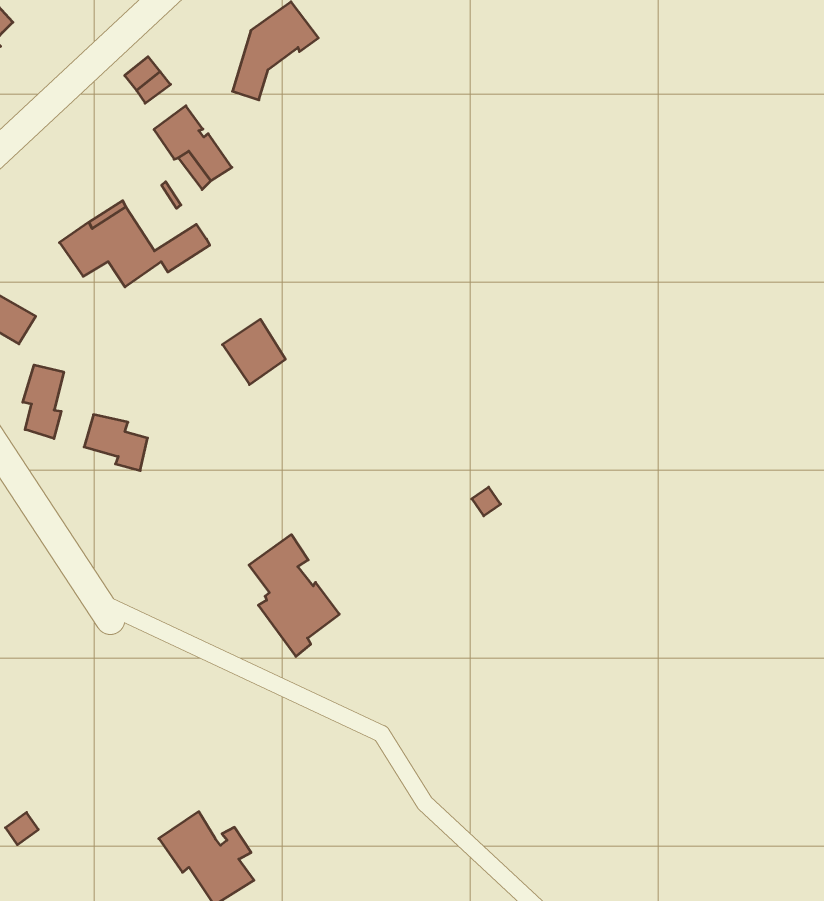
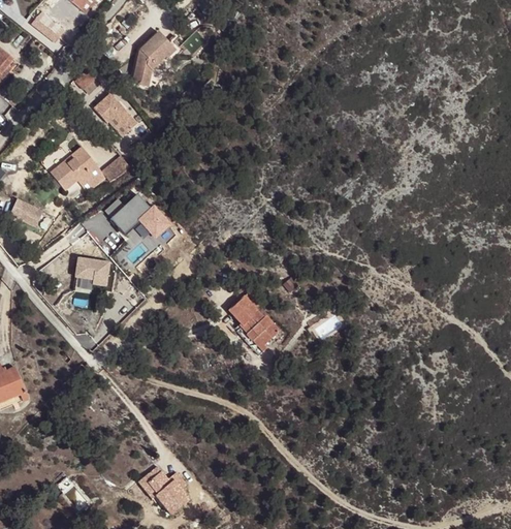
building: none -> [108,190,158,232]
building: [23,365,64,439] -> none
building: [249,535,339,656] -> [228,291,279,355]

